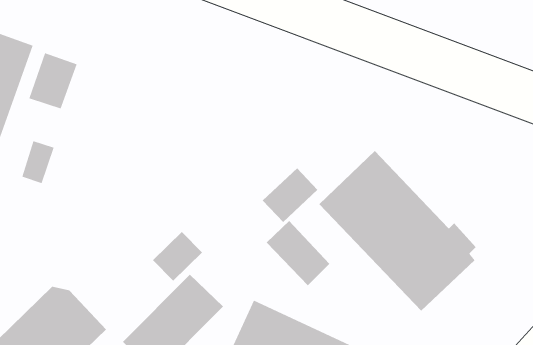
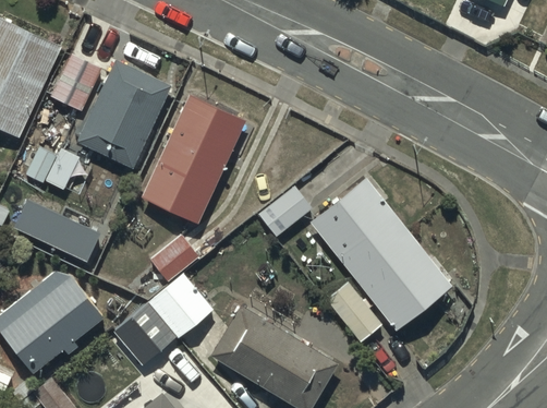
building: none -> [76,62,169,168]
building: none -> [141,96,243,225]
building: none -> [17,194,104,255]
building: [266,220,330,286] -> [325,279,382,343]

